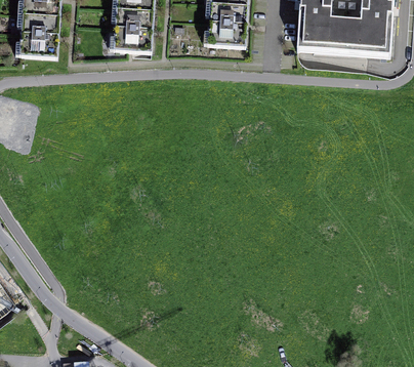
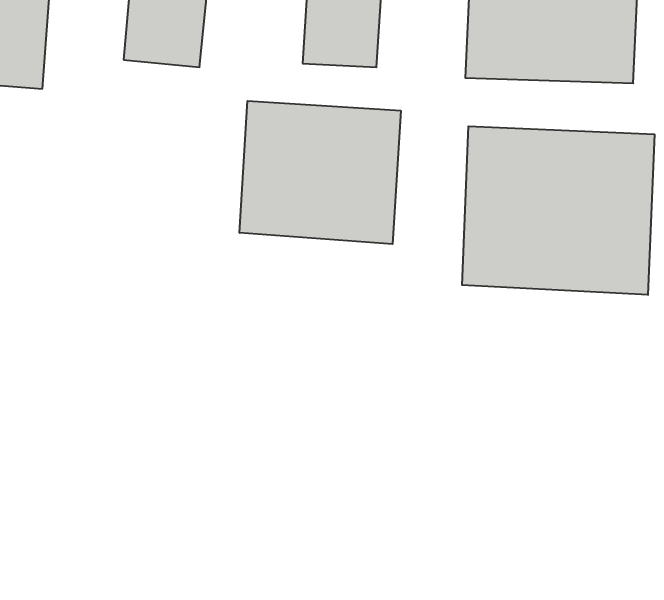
building: none -> [240,101,401,244]
building: none -> [462,126,654,295]

